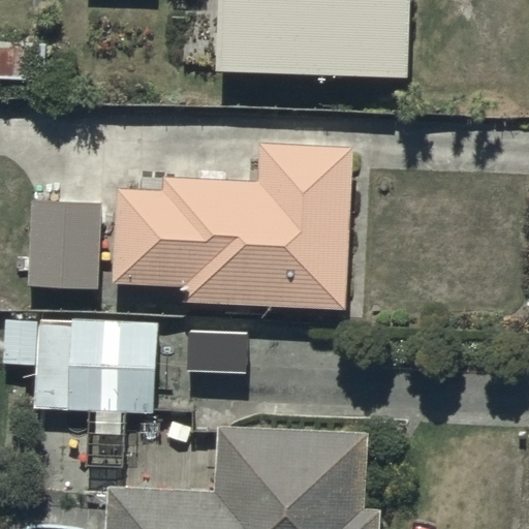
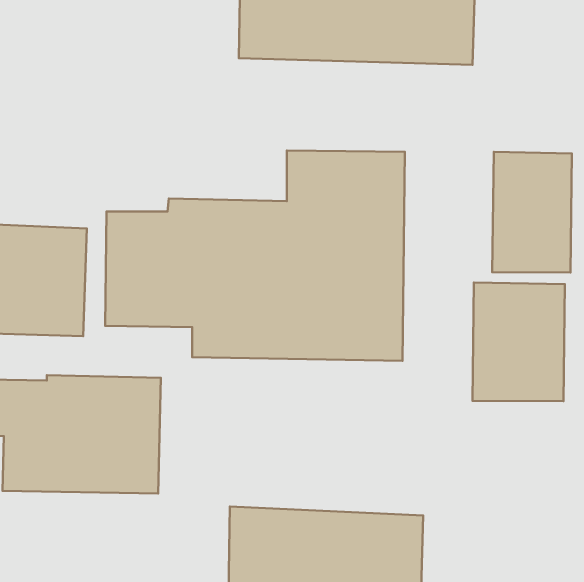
building: none -> [492,152,572,273]
building: none -> [472,282,565,401]

